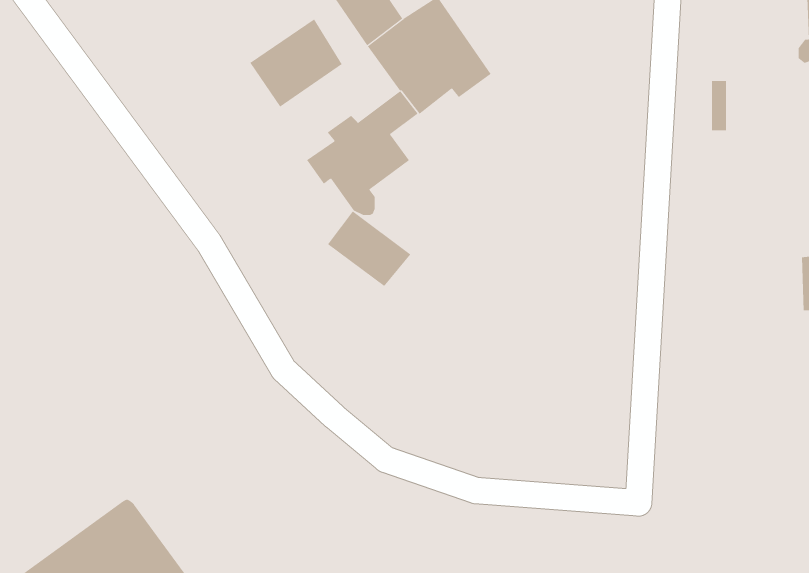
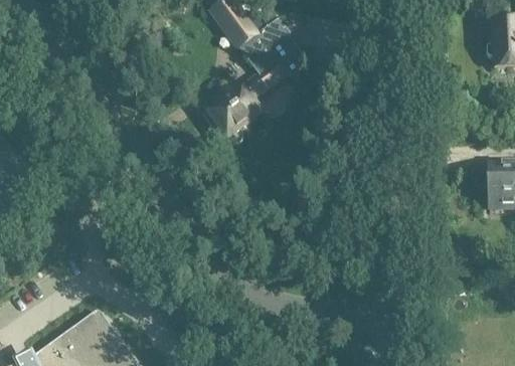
building: [249,19,342,107] -> none
building: [327,210,411,287] -> none

